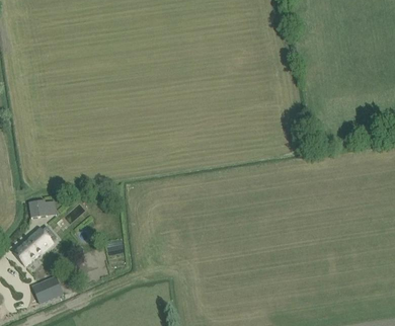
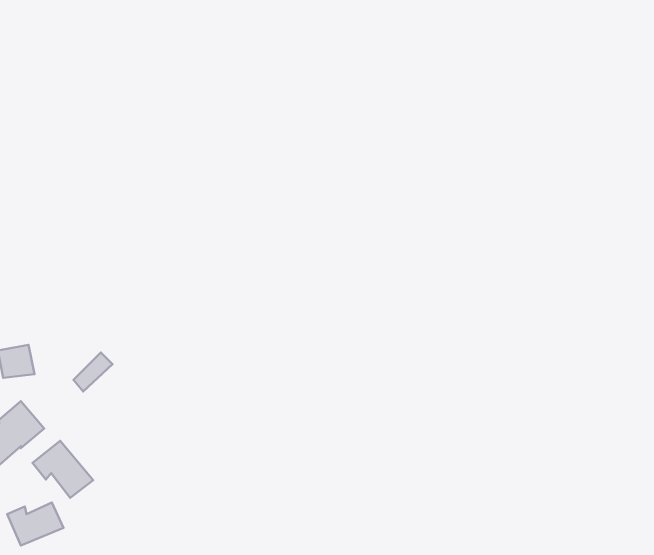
building: none -> [32,441,93,498]

